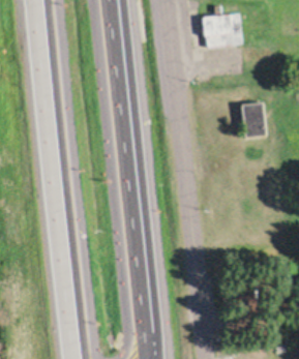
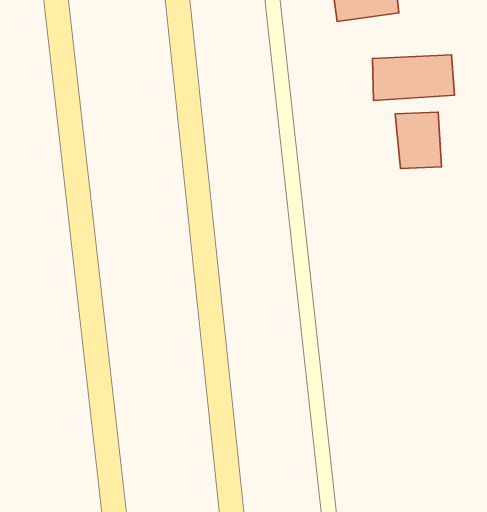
building: none -> [373,55,454,100]

